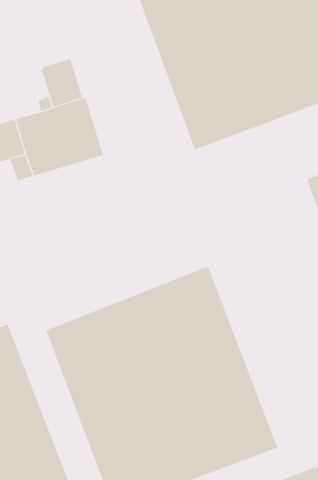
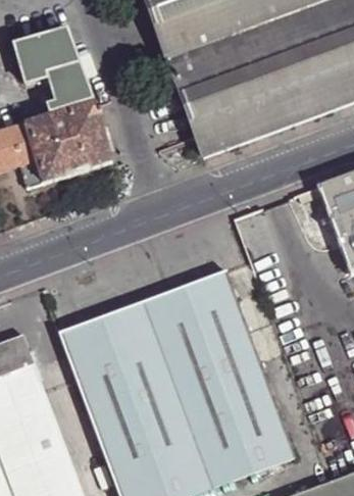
building: none -> [18,28,81,82]

